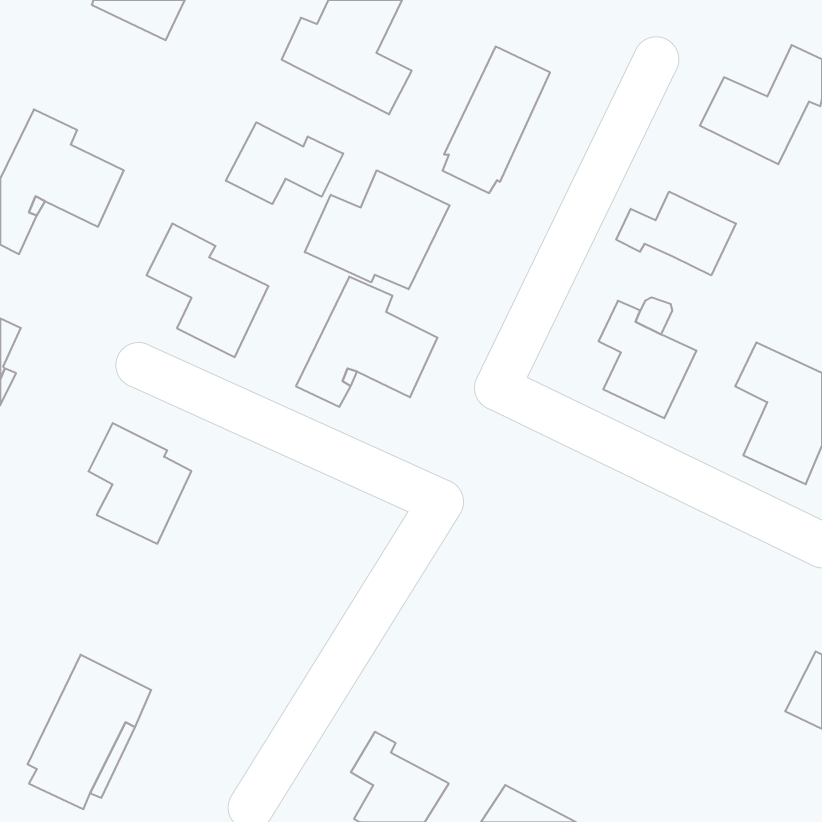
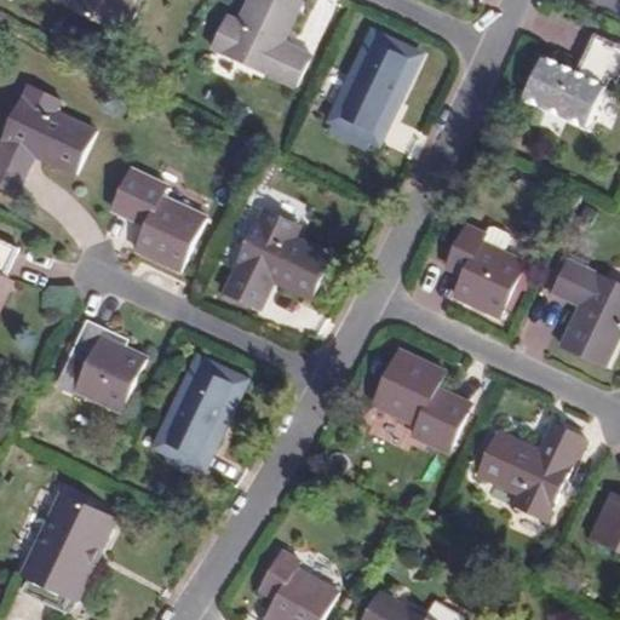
building: [226,122,343,204] -> none
building: [305,170,450,289] -> none
building: [616,192,736,275] -> none
building: none -> [374,351,467,449]
building: none -> [157,358,241,470]
building: none -> [478,420,585,519]

